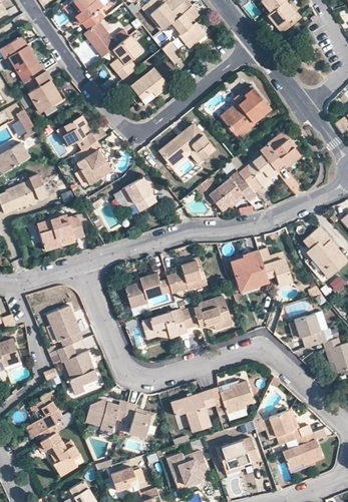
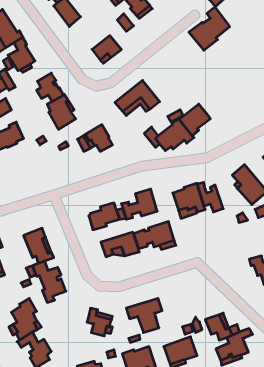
building: [110,35,140,78] -> none
building: [219,83,269,136] -> [189,7,230,50]
building: [258,130,299,168] -> none
building: [36,215,82,250] -> none
building: [295,314,327,349] -> none
building: [212,383,256,414] -> none
building: [85,399,128,432] -> none

